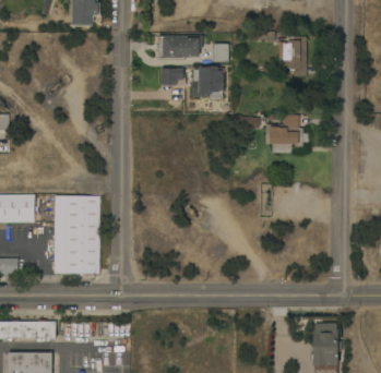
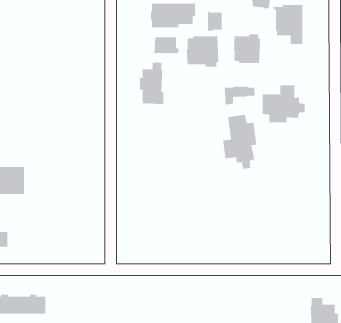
building: none -> [233,33,261,64]
building: none -> [140,62,164,105]
building: none -> [223,114,257,170]
building: [53,196,98,274] -> none

